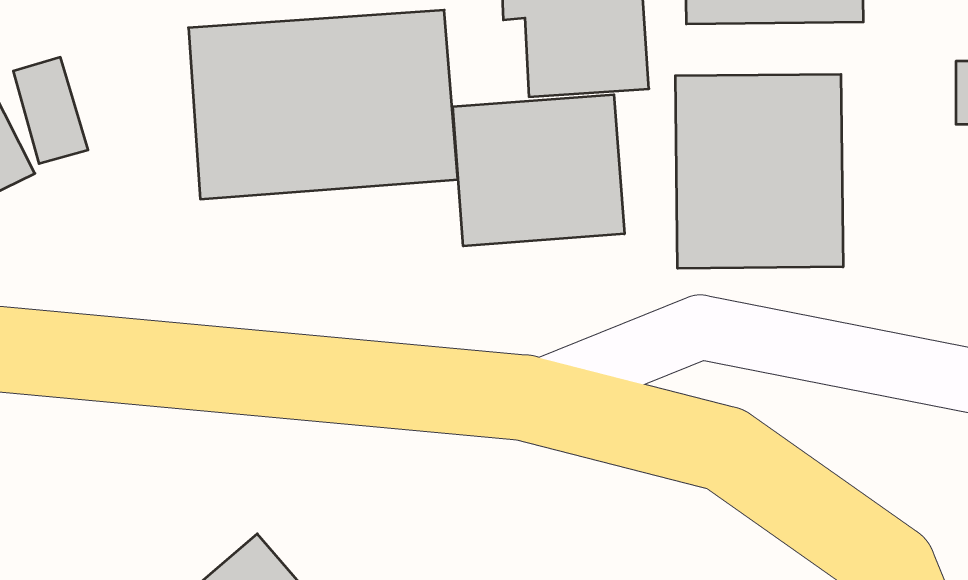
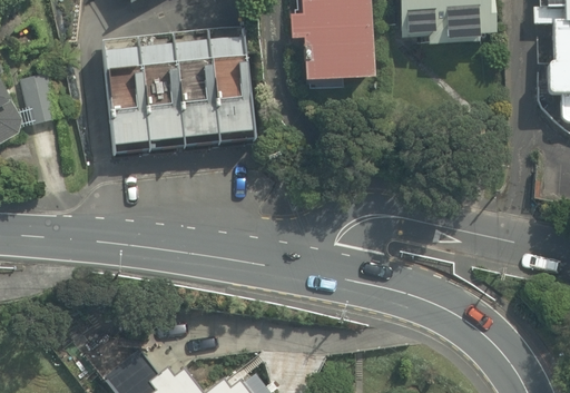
building: [675,74,843,268] -> none
building: [453,95,624,246] -> none

